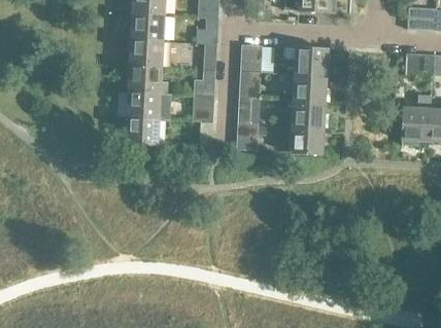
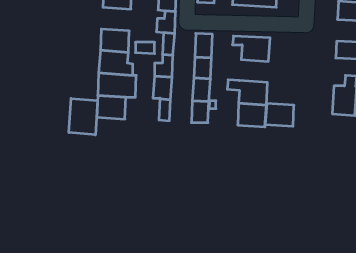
building: [130,13,165,41] -> none
building: [293,75,327,102] -> [265,104,294,126]
building: none -> [69,98,98,135]

